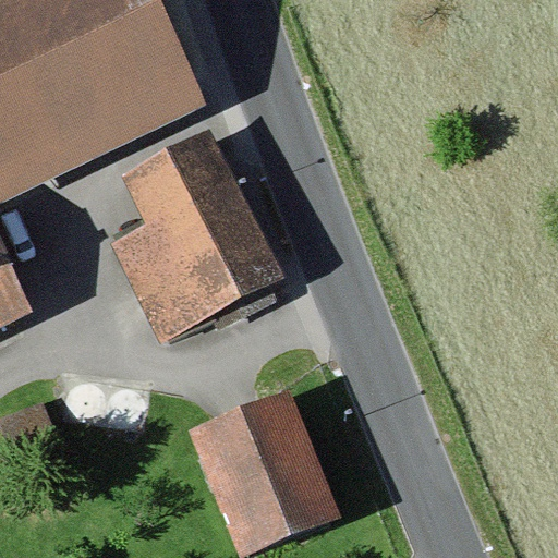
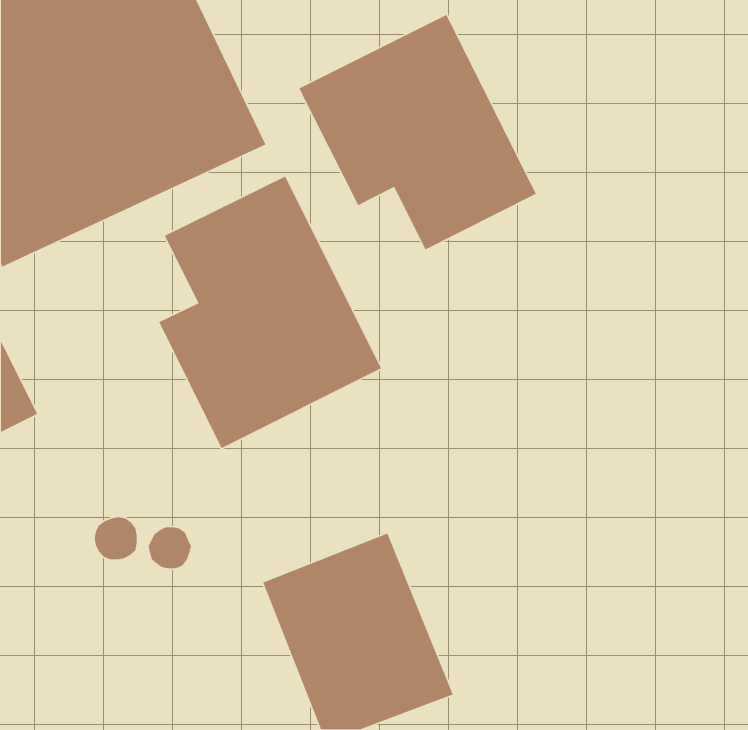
building: none -> [298,14,537,250]

